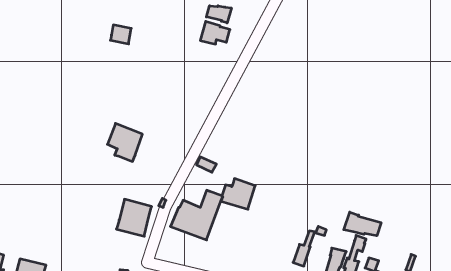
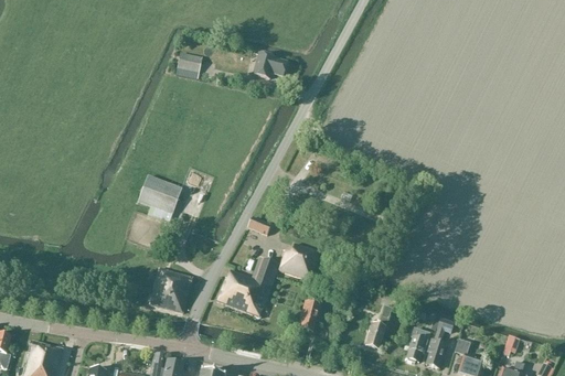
building: [206,6,231,23] -> none
building: [110,25,131,44] -> [175,55,201,78]
building: [344,212,381,236] -> none
building: none -> [297,300,320,332]

